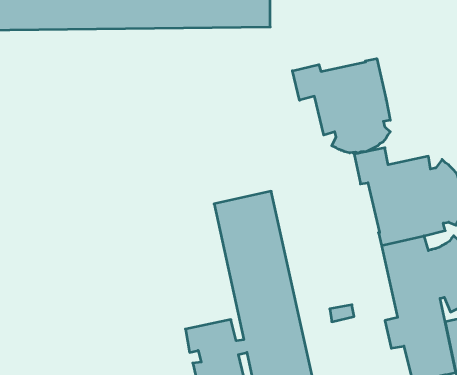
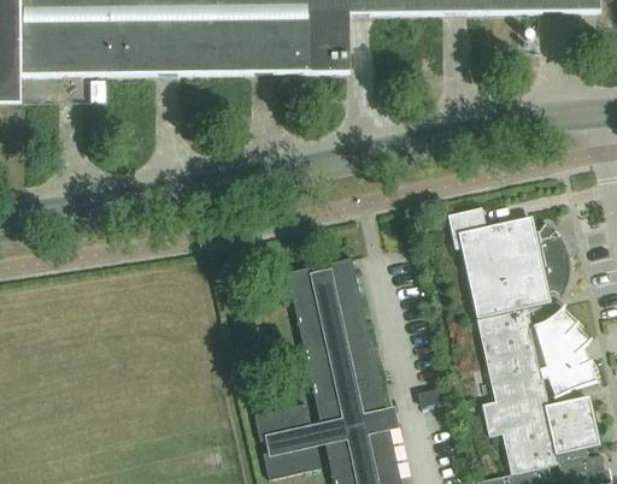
building: [292,59,390,153] -> none

